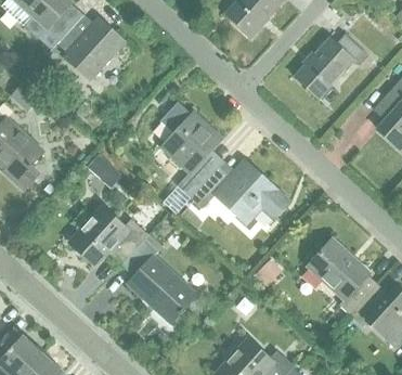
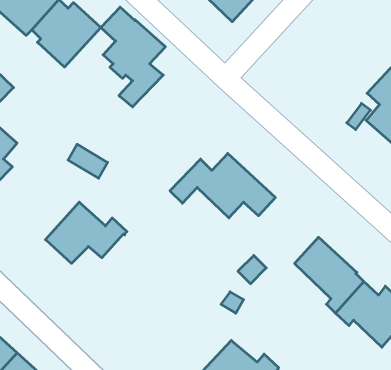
building: [296,34,368,98] -> none
building: [159,101,221,196] -> [101,7,165,107]
building: [120,237,196,322] -> none

